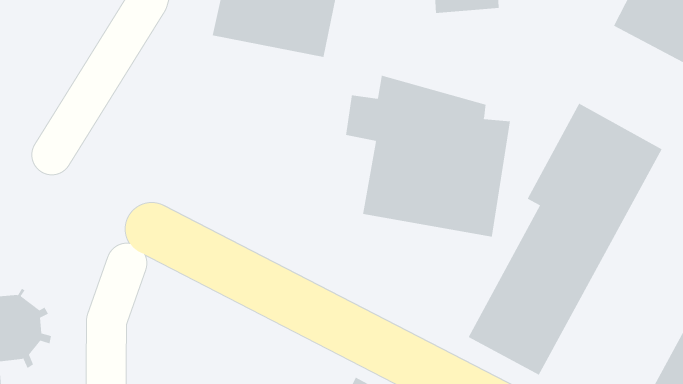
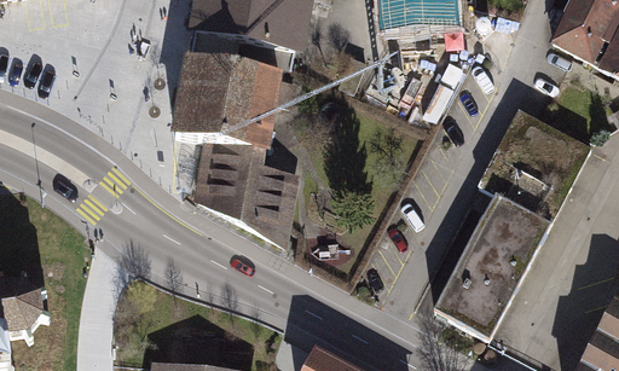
building: none -> [178,63,297,239]
building: [346,75,511,237] -> none

